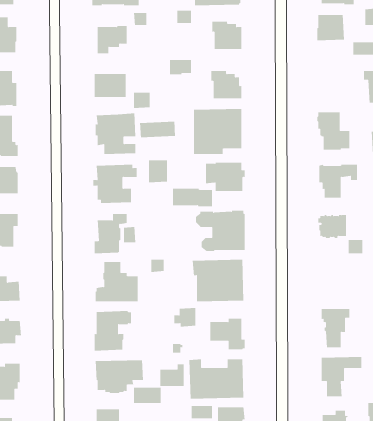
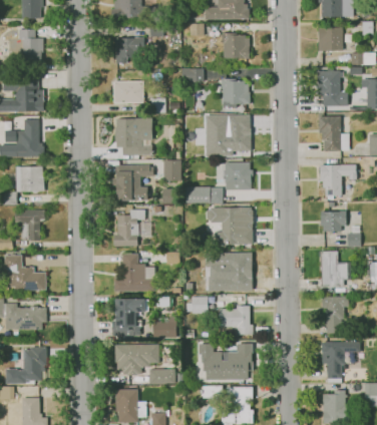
building: none -> [318,71,347,106]
building: [140,121,176,138] -> none
building: none -> [320,251,350,287]
building: [160,364,185,387] -> [152,317,175,338]

